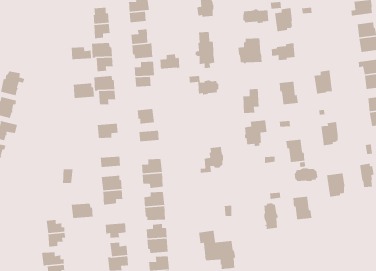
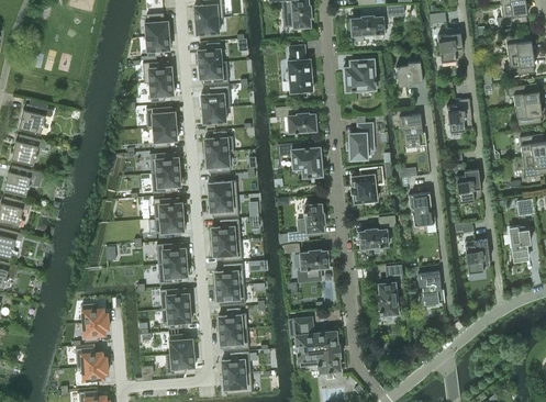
building: [274,7,293,32] -> [437,29,463,63]
building: [71,46,92,60] -> none
building: [159,54,180,70] -> [204,132,233,154]
building: [73,83,95,99] -> [149,152,179,174]
building: none -> [278,143,322,178]
building: none -> [209,196,238,217]
building: none -> [153,197,182,219]
building: [294,167,318,182] -> [357,228,390,248]
building: none -> [300,249,330,280]
building: [71,203,94,219] -> [159,288,190,310]

